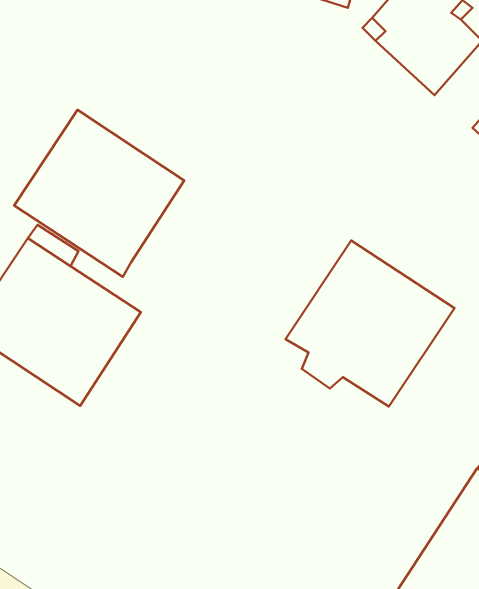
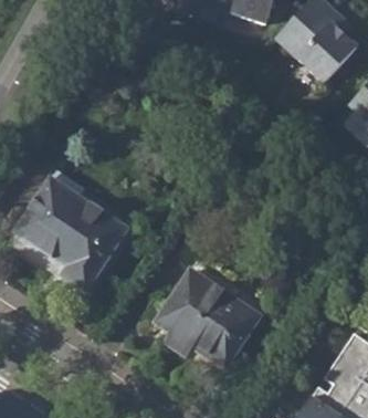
building: [14,110,184,277] -> none
building: [286,241,455,407] -> [155,257,269,368]

